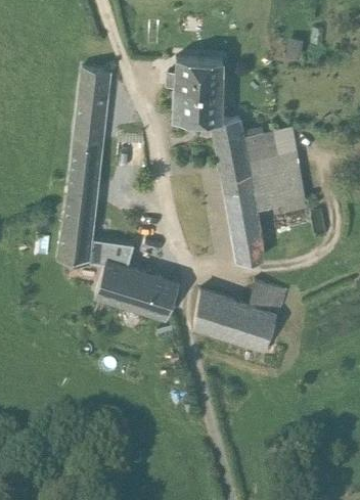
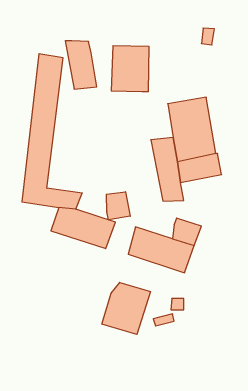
building: [212,119,252,180] -> [65,41,97,89]
building: none -> [106,192,130,220]
building: none -> [102,282,150,334]

